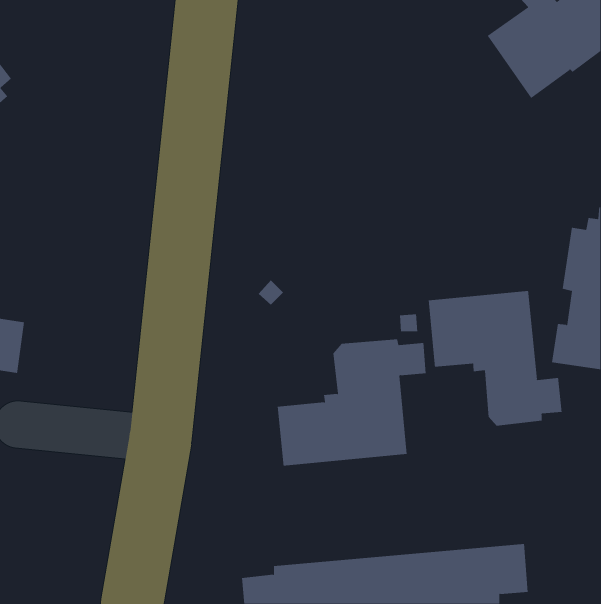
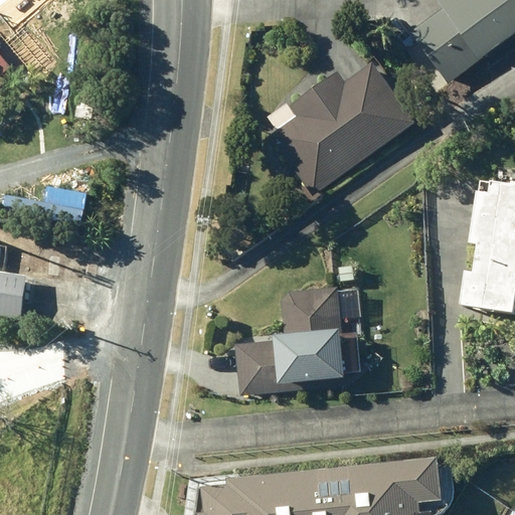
building: none -> [273,61,417,193]
building: [428,290,562,426] -> none

